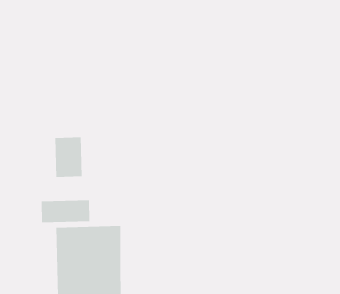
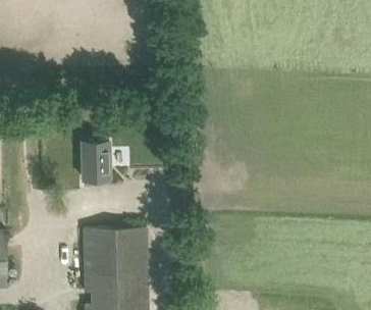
building: [41,200,90,223] -> none

